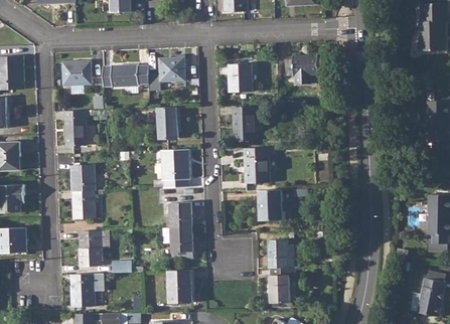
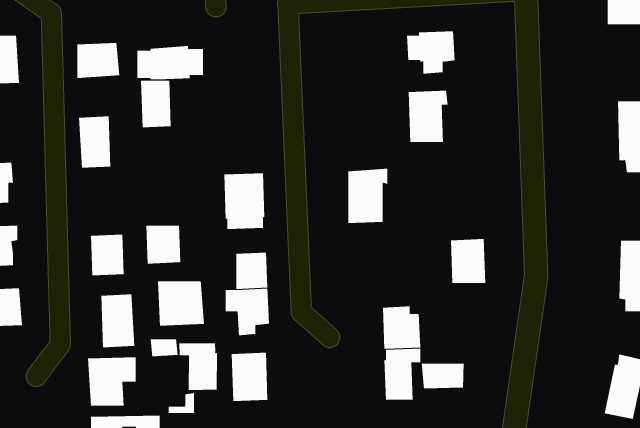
building: [159,53,185,80] -> none
building: [231,62,252,92] -> none
building: [233,105,260,140] -> [408,90,448,143]
building: [157,107,178,139] -> [140,80,172,128]
building: [71,165,96,191] -> [145,225,181,264]
building: [259,189,283,219] -> [450,239,486,283]
building: none -> [158,281,204,326]
building: none -> [179,342,217,391]
building: none -> [421,363,464,389]

